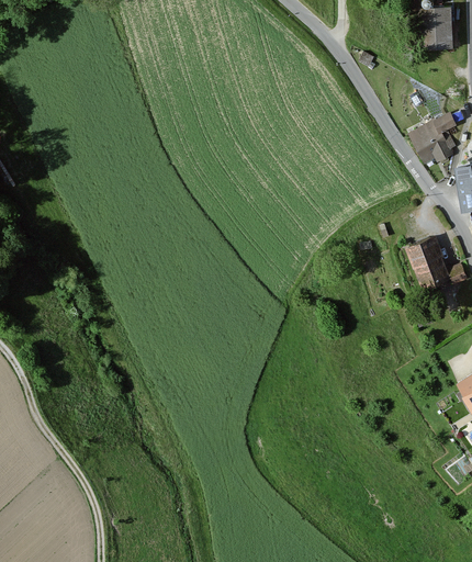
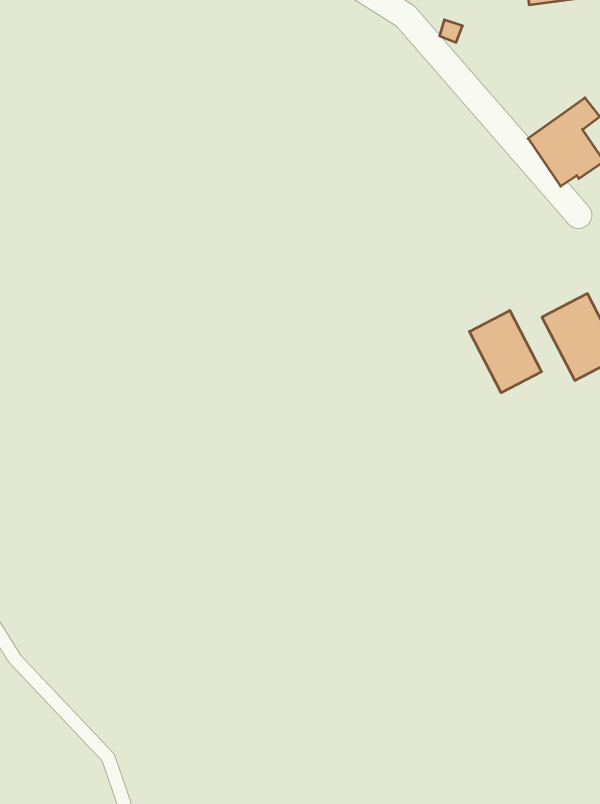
building: none -> [469,310,542,393]

